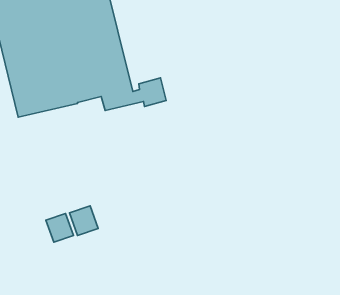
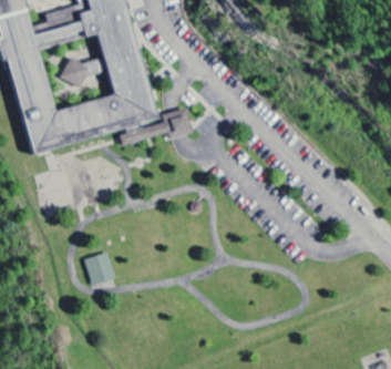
building: [46,213,73,242] -> none

